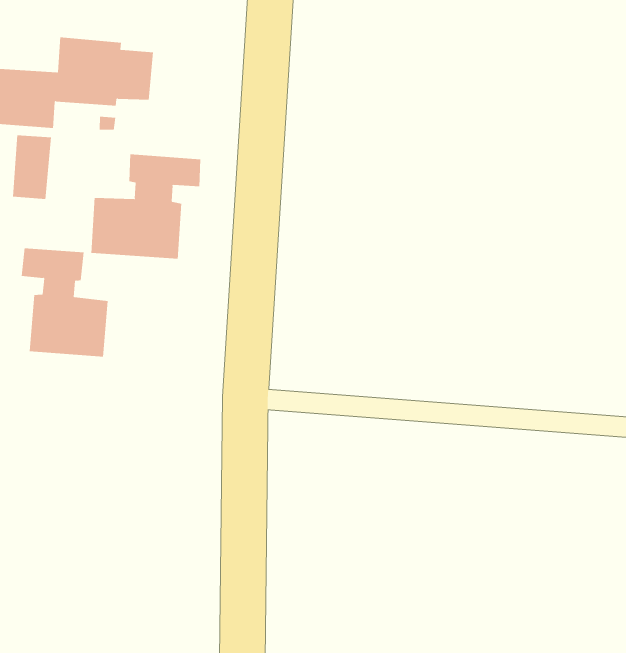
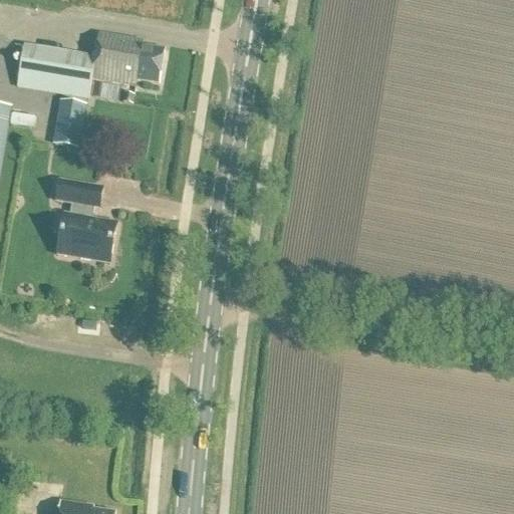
building: [91,153,201,259] -> none

